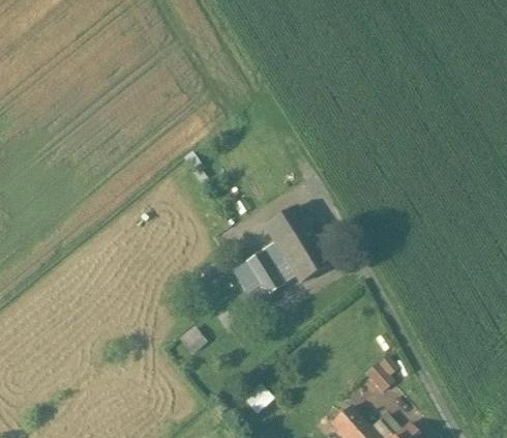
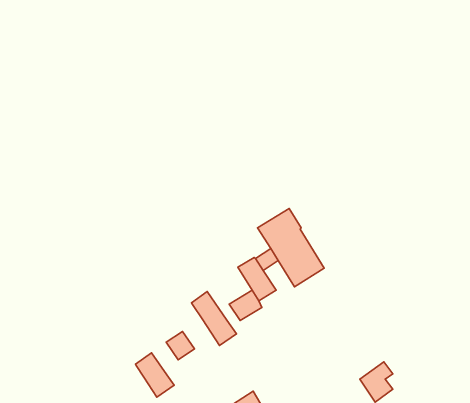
building: none -> [192,292,236,345]
building: none -> [135,353,174,397]

